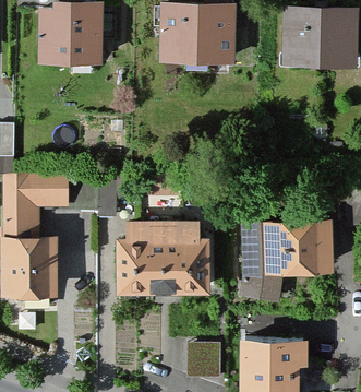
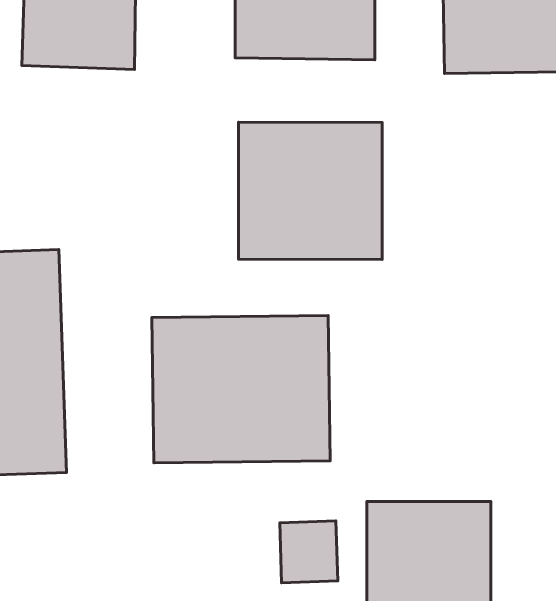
building: none -> [239,122,382,259]
building: [246,234,334,290] -> none

